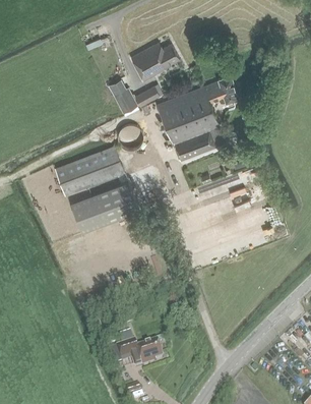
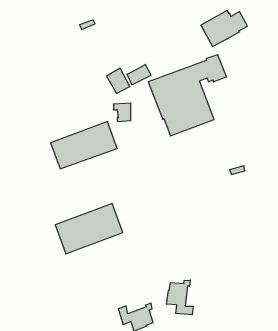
building: [130,42,179,79] -> [201,11,247,46]
building: [67,180,138,233] -> [55,204,123,254]
building: none -> [166,280,193,315]

